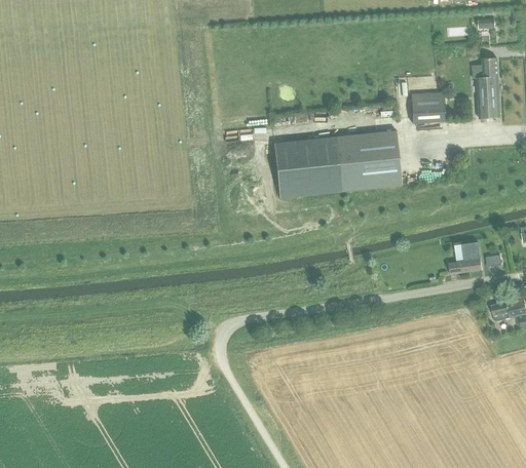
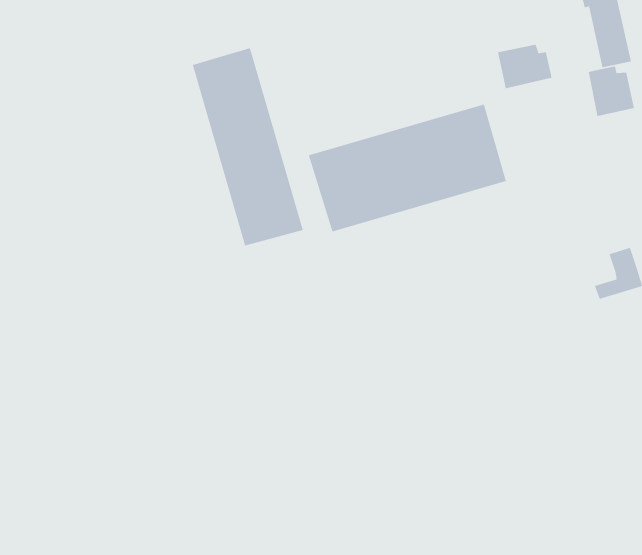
building: none -> [192,47,304,247]
building: none -> [588,66,635,117]

